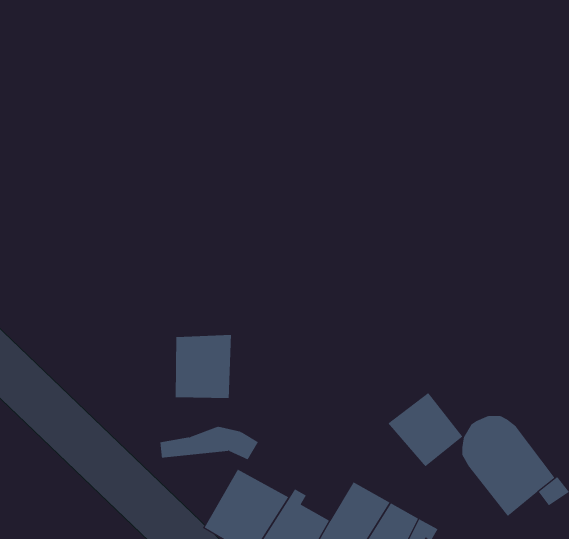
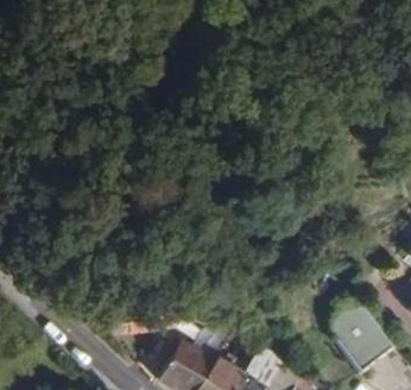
building: [175,334,231,399] -> none
building: [387,392,463,467] -> none

